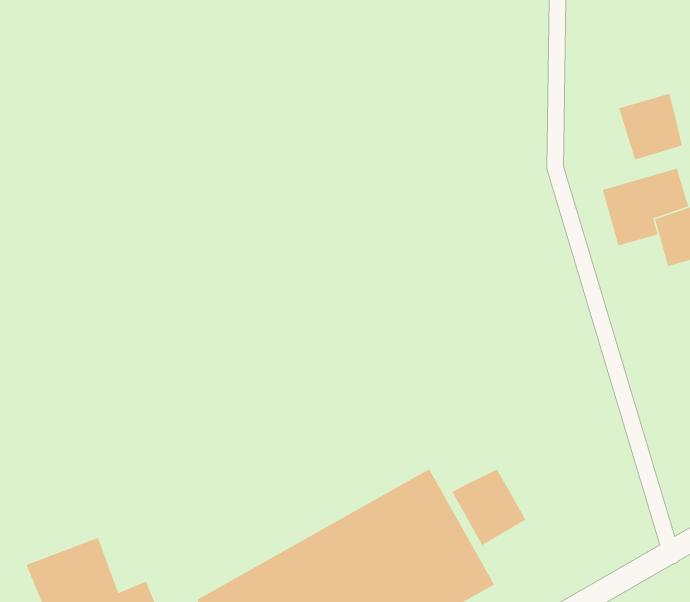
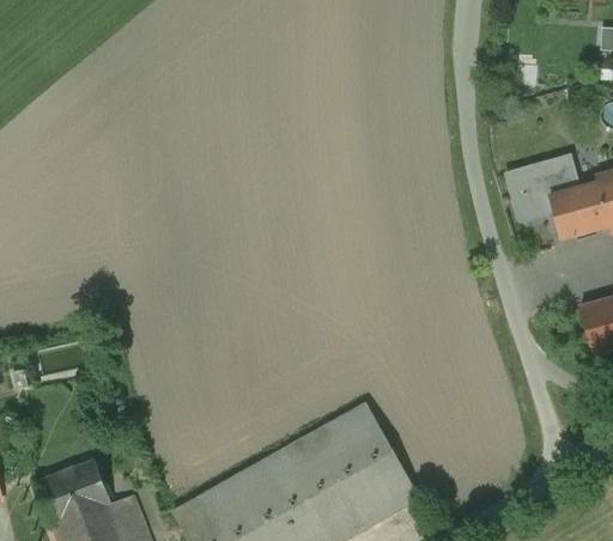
building: [618,93,683,161] -> none
building: [451,469,527,546] -> none

